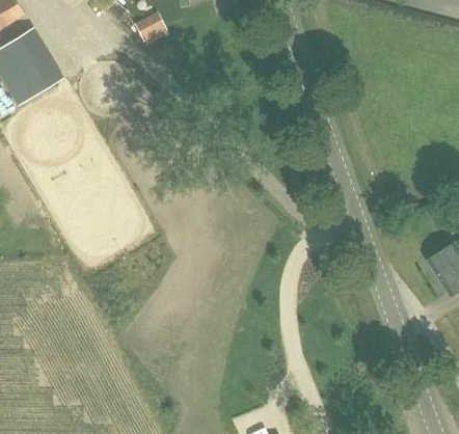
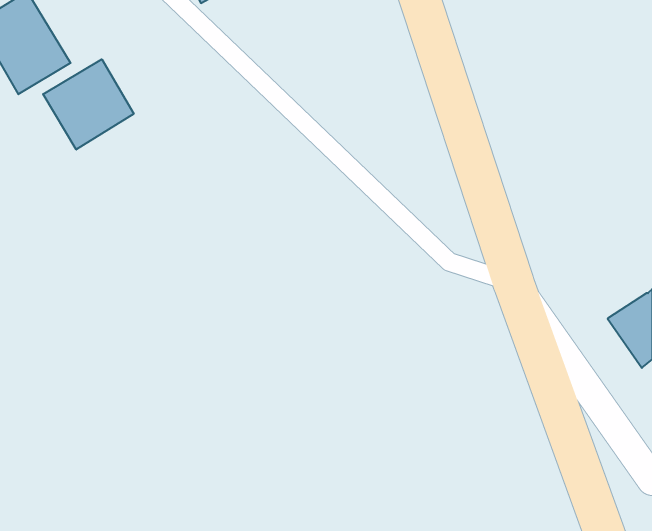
building: none -> [43,59,134,150]

